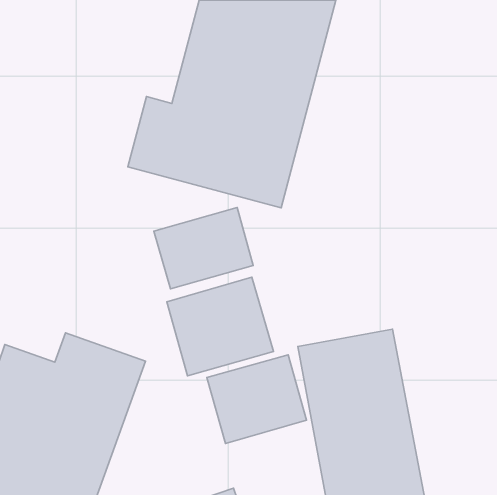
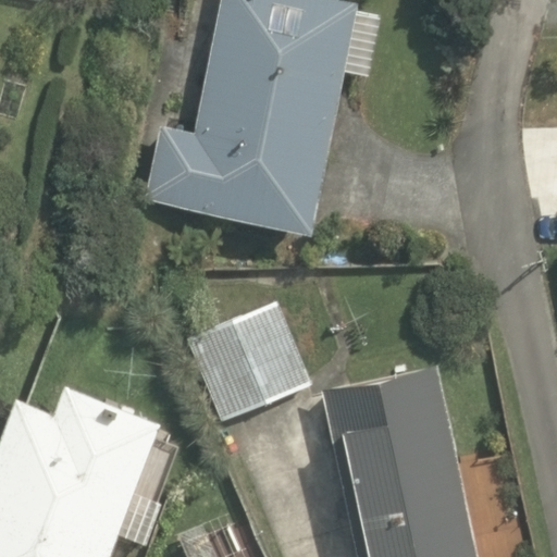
building: [154,207,253,289] -> none
building: [207,355,307,444] -> none

